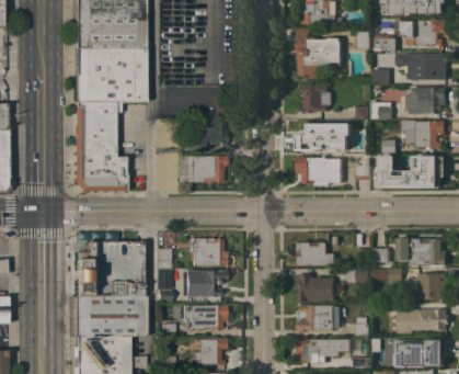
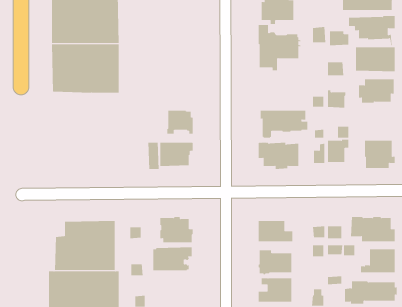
building: [301,83,333,113] -> none
building: [74,102,128,191] -> none
building: [403,120,447,150] -> none
building: [175,306,228,330] -> none

